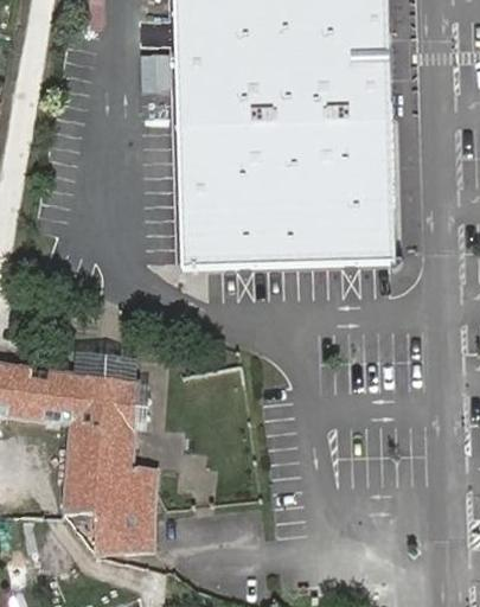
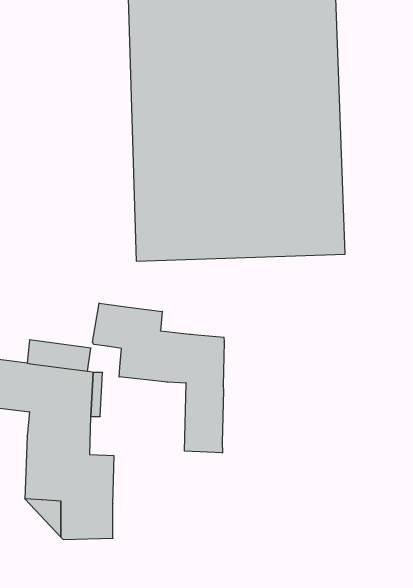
building: none -> [92,303,224,453]

